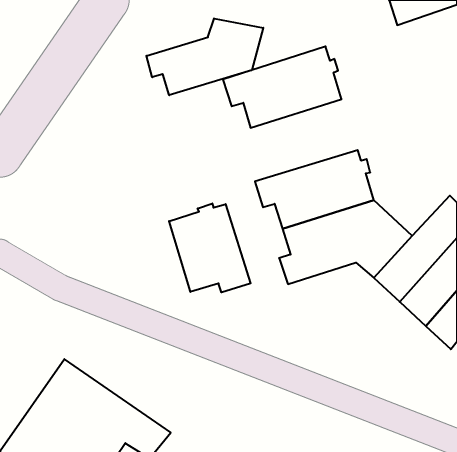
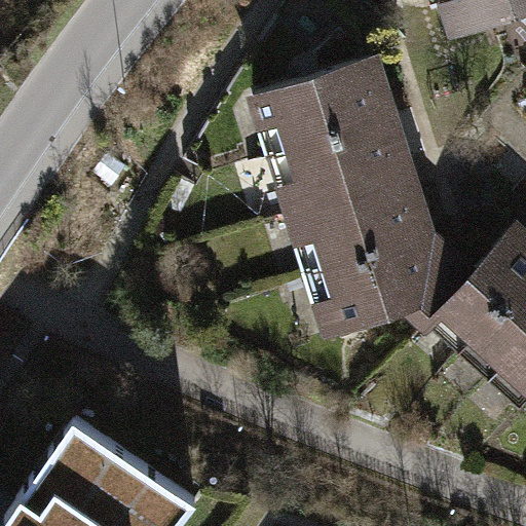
building: [146,18,263,95] -> none
building: none -> [285,119,413,214]
building: [169,203,251,292] -> none

